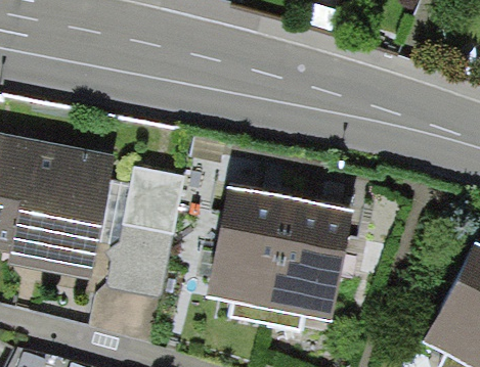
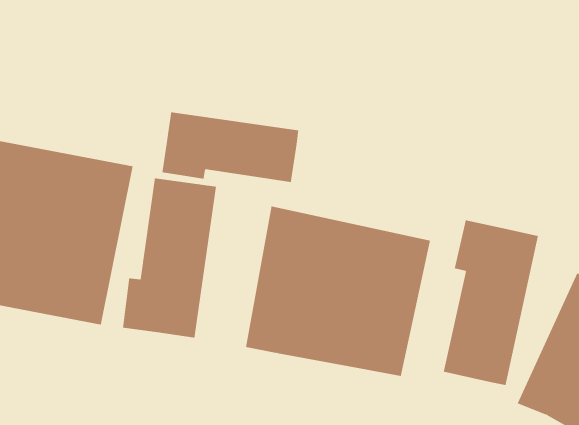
building: none -> [162,111,299,183]
building: none -> [443,219,538,386]

